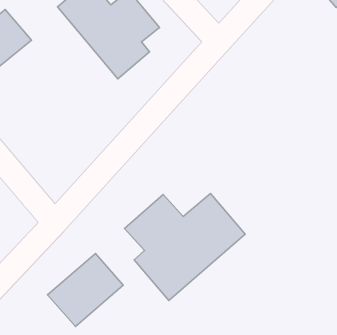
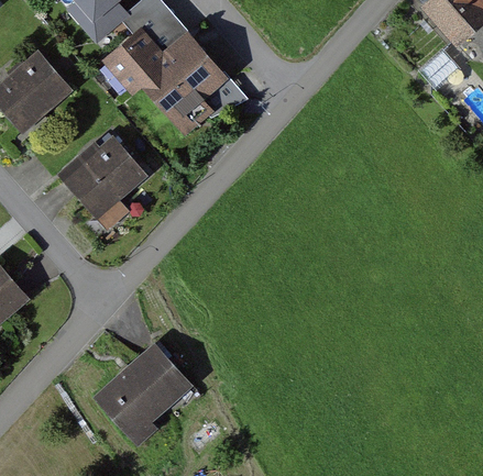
building: none -> [58,134,144,219]
building: [124,193,245,300] -> none

